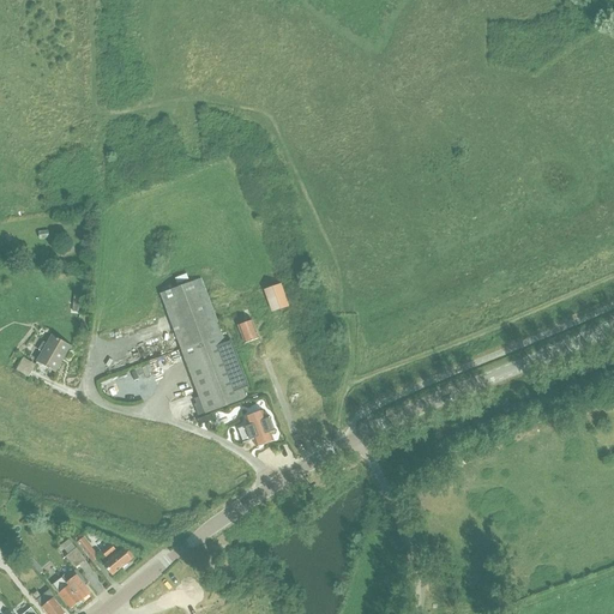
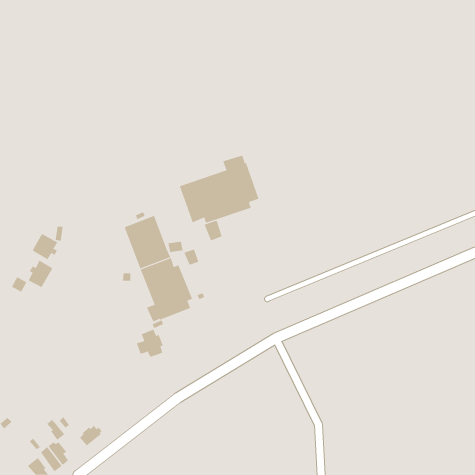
building: none -> [179,155,259,224]
building: none -> [32,233,58,260]
building: [236,409,273,446] -> [135,329,164,358]

